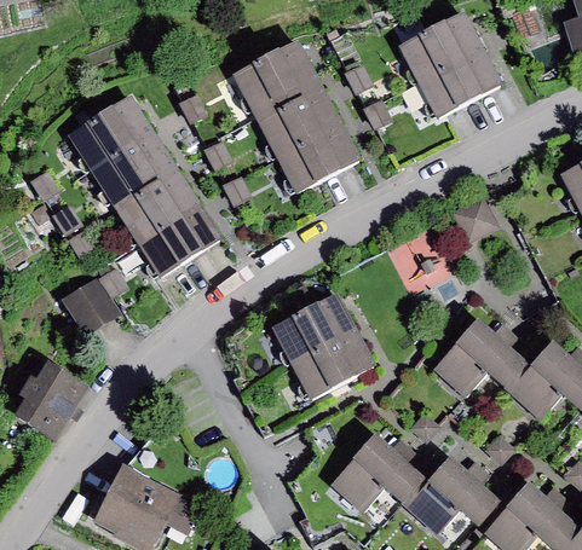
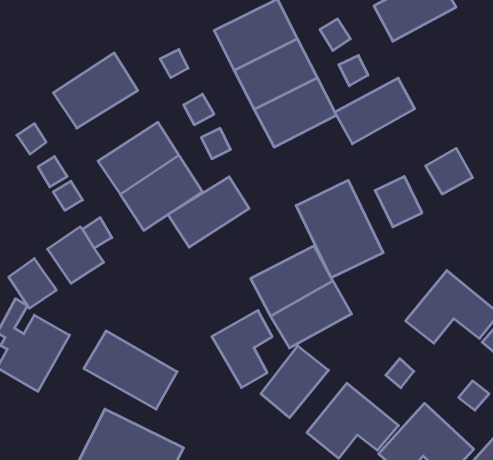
building: [417,48,500,116] -> [335,78,415,144]
building: [92,134,175,207] -> [168,177,249,247]
building: none -> [296,180,383,278]
building: none -> [9,258,56,308]
building: none -> [212,310,272,388]
building: none -> [84,331,177,409]
building: none -> [261,346,329,418]

